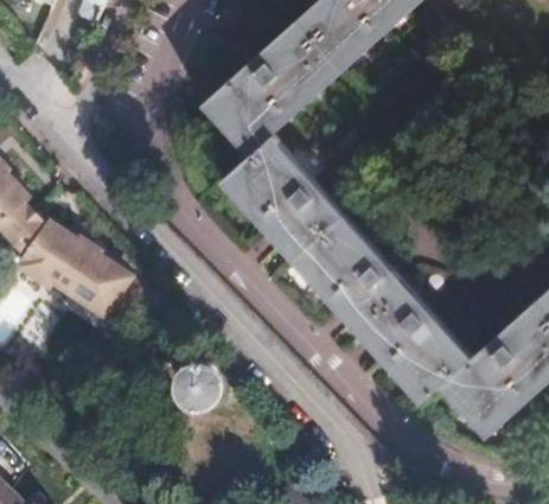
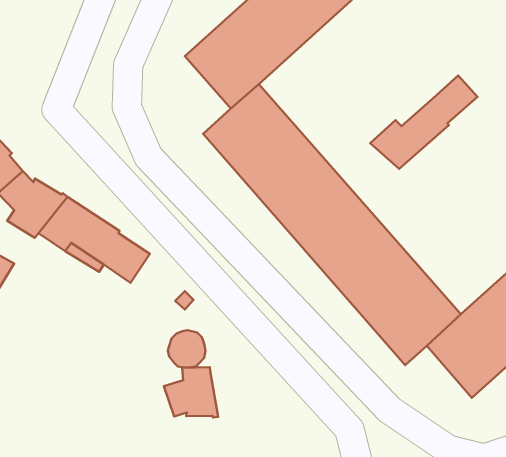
building: none -> [370,75,478,169]
building: none -> [164,367,218,417]

